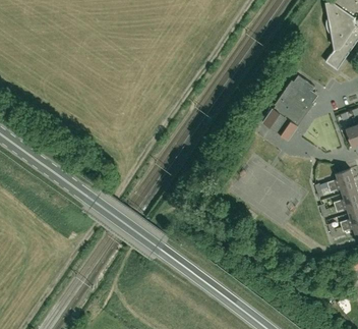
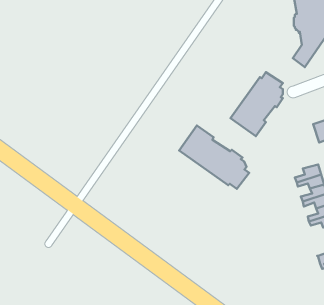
building: none -> [179,125,249,189]

